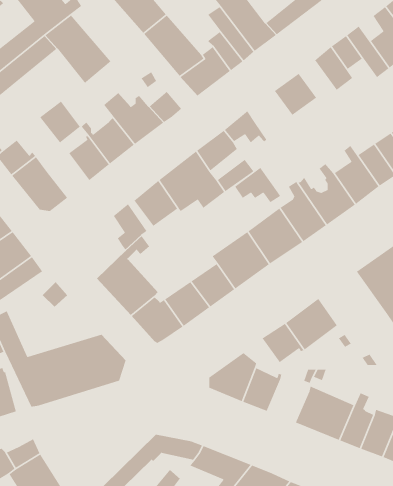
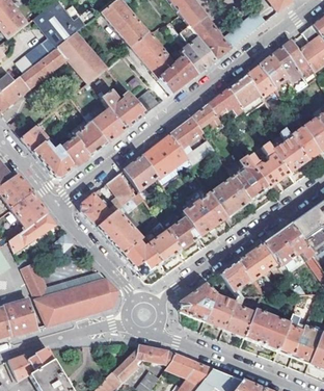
building: none -> [247,66,275,106]
building: [39,101,81,144] -> [59,136,90,168]
building: [234,167,281,203] -> [209,88,244,115]
building: none -> [80,189,117,229]
building: none -> [262,224,313,267]
building: none -> [223,305,254,337]

